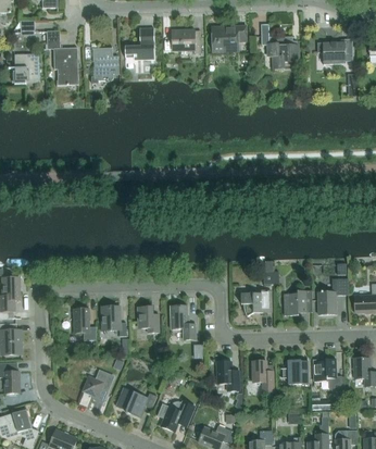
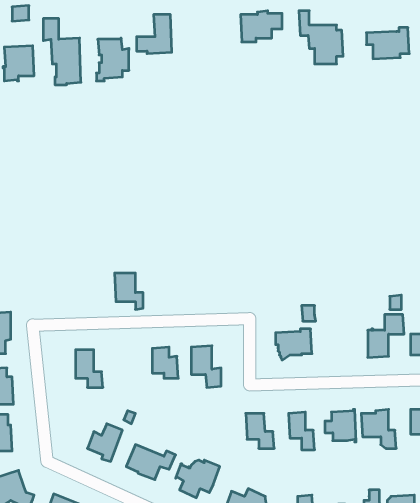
building: [172,29,202,52] -> none
building: [284,290,312,315] -> none
building: [102,305,126,336] -> [115,273,143,309]

